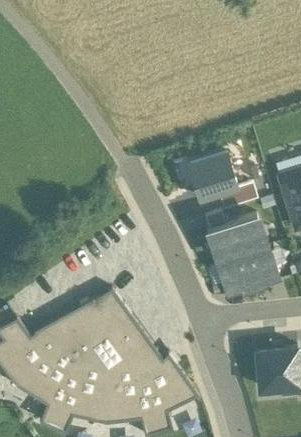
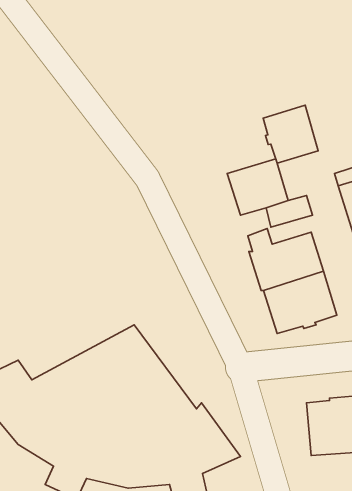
building: none -> [263,105,318,163]

